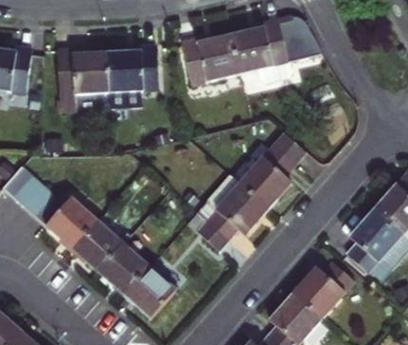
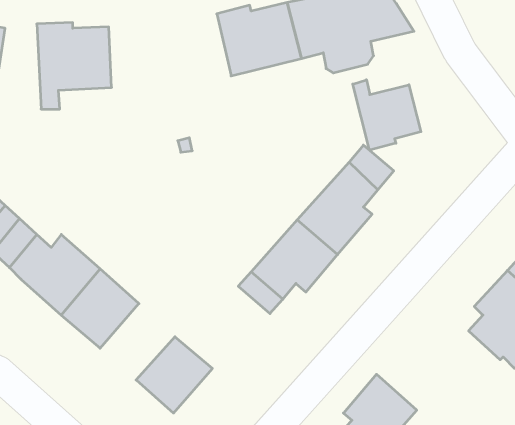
building: [105,45,157,106] -> none
building: none -> [353,80,421,150]
building: [99,243,151,296] -> none
building: [291,261,351,317] -> none

